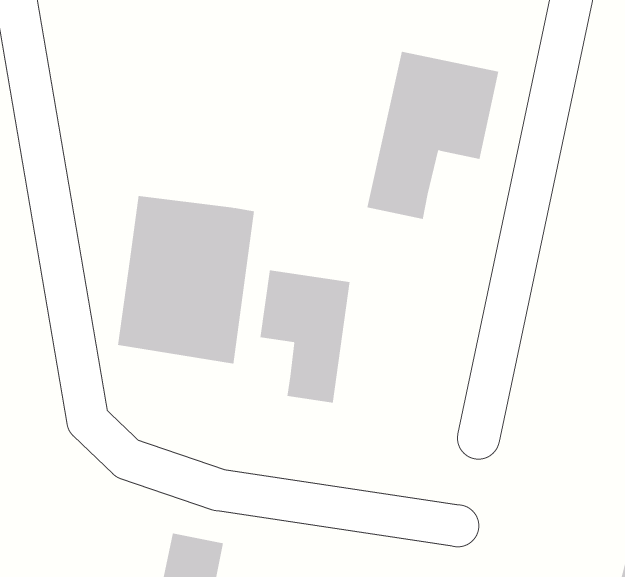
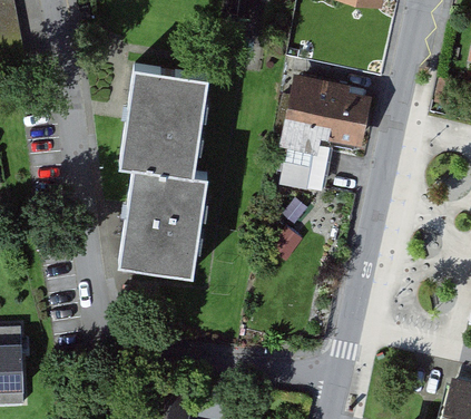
building: none -> [119,66,209,178]
building: [260,270,350,403] -> none

